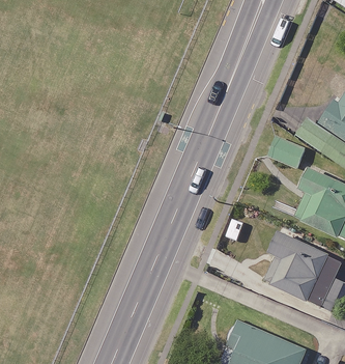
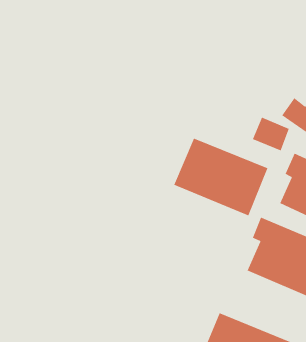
building: none -> [173,138,269,217]

